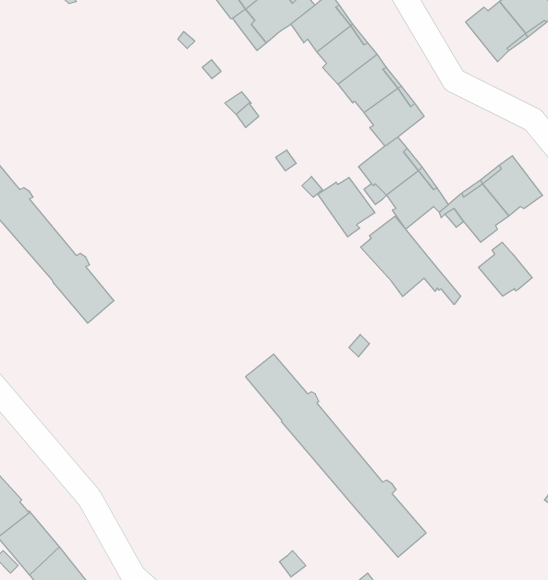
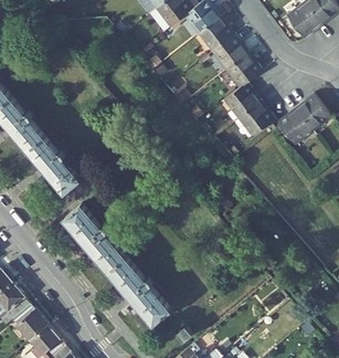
building: [318,177,375,237] -> none
building: [361,216,461,304] -> none
building: [479,242,532,296] -> none
building: [246,354,426,557] -> [64,204,170,324]

